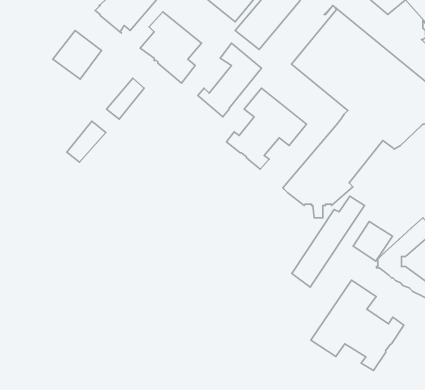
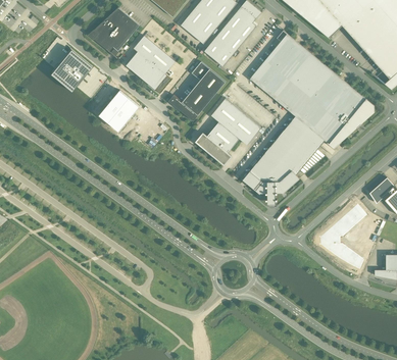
building: [67,121,106,162] -> [108,97,140,131]
building: [292,196,365,287] -> none
building: [353,222,393,261] -> none
building: [311,280,404,371] -> none

